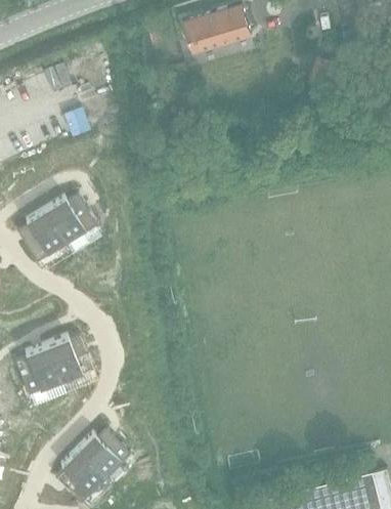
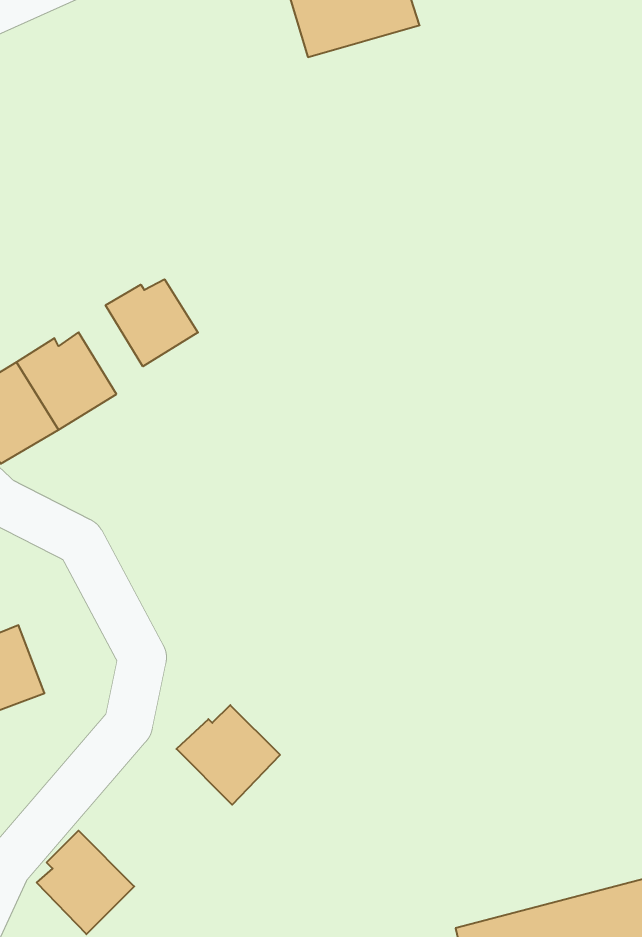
building: none -> [106,279,198,366]
building: [45,338,90,381] -> none
building: [76,429,129,480] -> [176,705,280,805]

